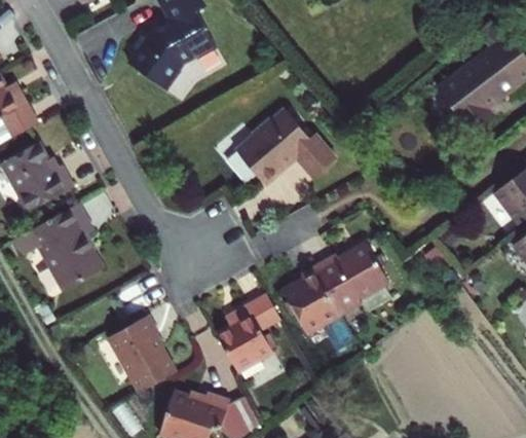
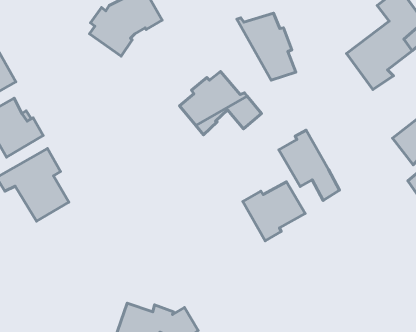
building: none -> [237,13,296,80]
building: [280,267,353,352] -> [279,130,340,200]
building: [216,294,280,373] -> none
building: [111,317,177,392] -> none

